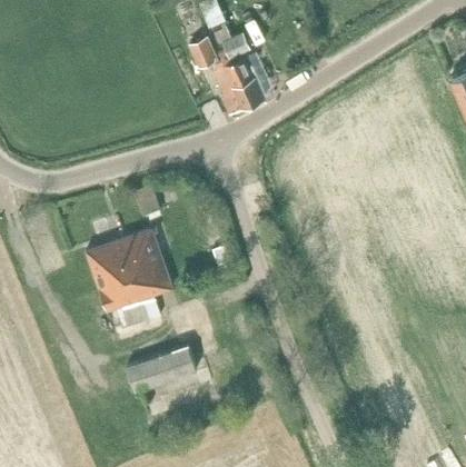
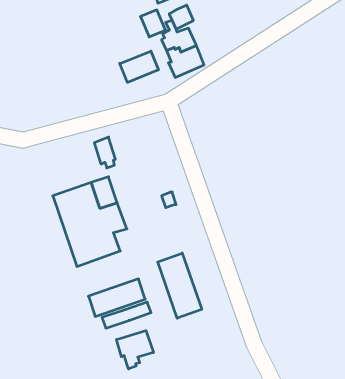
building: none -> [120,51,158,82]
building: none -> [158,253,202,318]
building: none -> [117,331,153,369]

